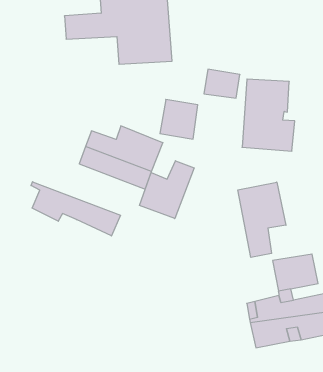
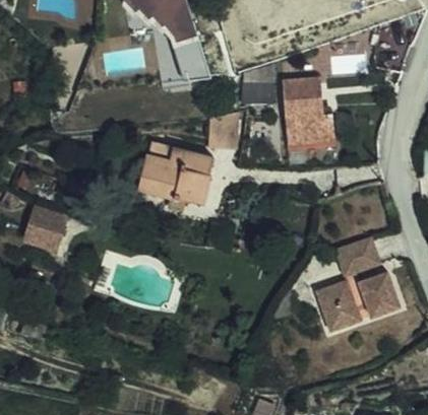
building: [139,161,194,219] -> none
building: [31,182,121,236] -> none
building: [238,182,286,257] -> none

